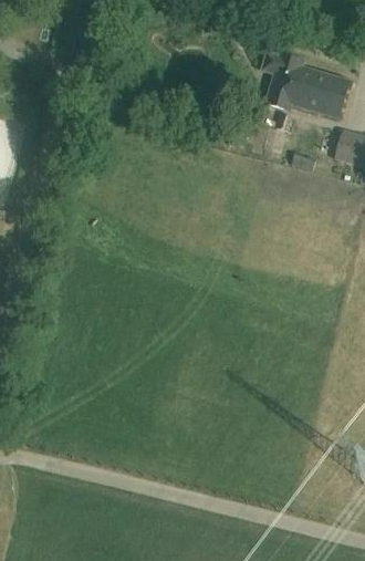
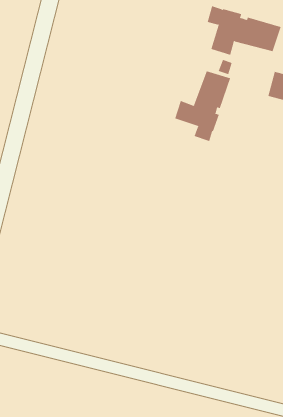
building: none -> [175,70,231,142]

